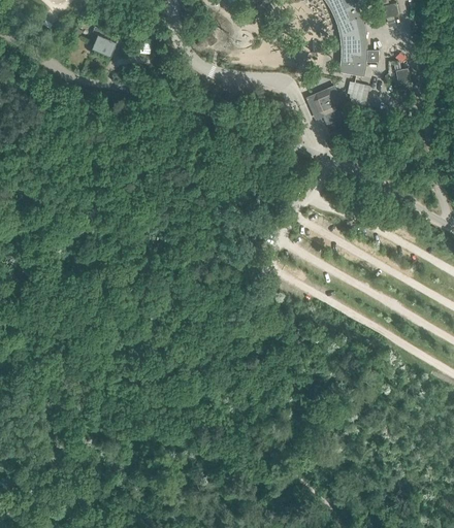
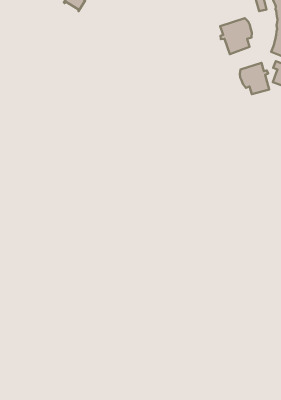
building: none -> [220,18,252,54]

